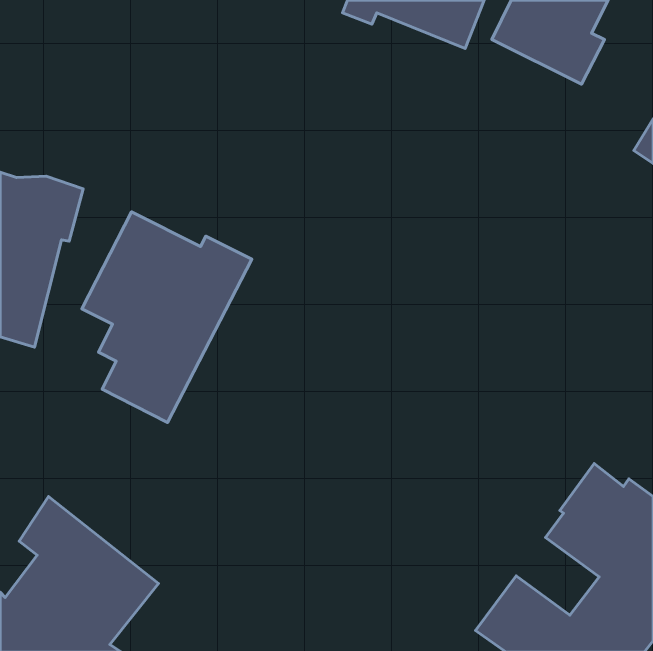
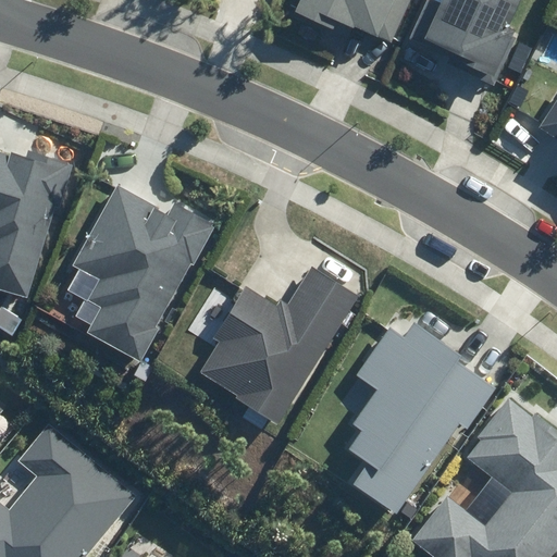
building: none -> [197,264,354,424]
building: none -> [346,320,494,515]

